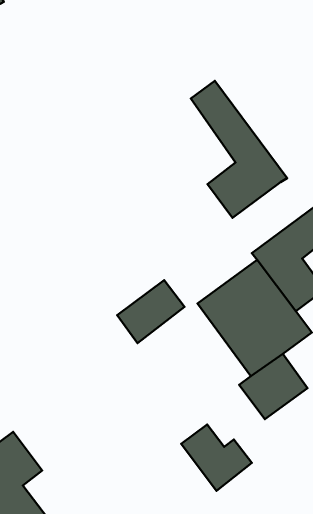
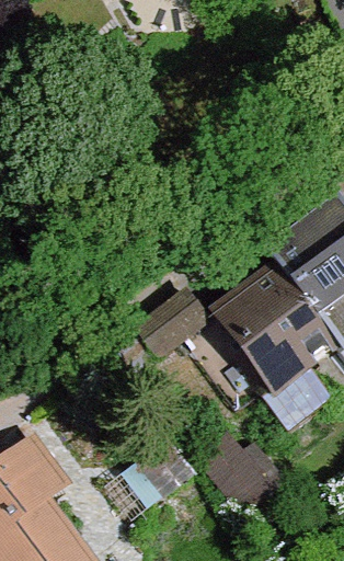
building: [191,81,287,218] -> none

